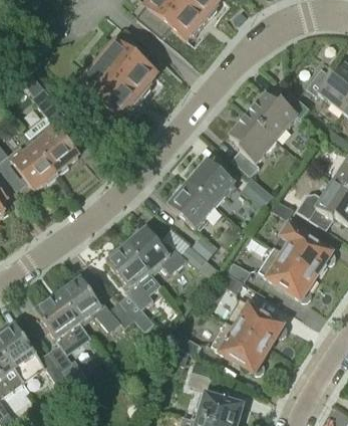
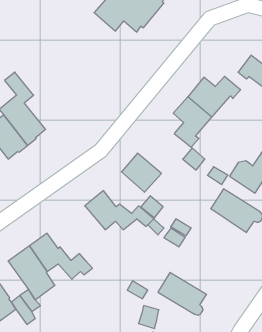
building: [70,30,155,118] -> none
building: [188,159,236,206] -> none
building: [106,244,154,330] -> none
building: [258,247,316,300] -> none
building: [226,298,287,349] -> none

